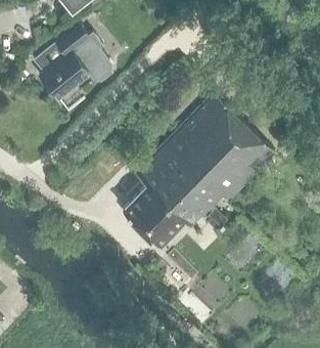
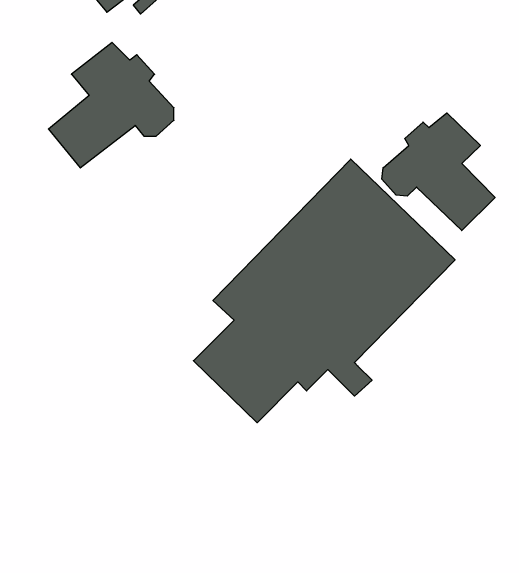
building: none -> [382,113,495,231]

